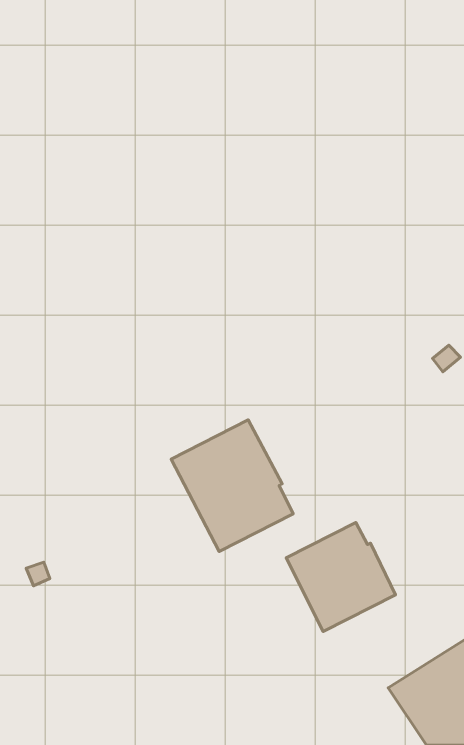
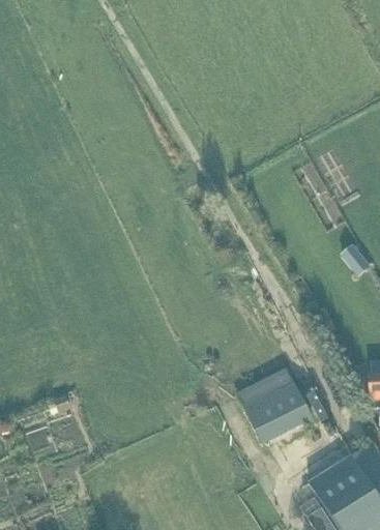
building: [171,420,293,552] -> none

